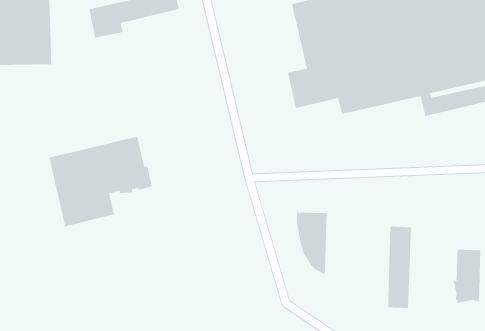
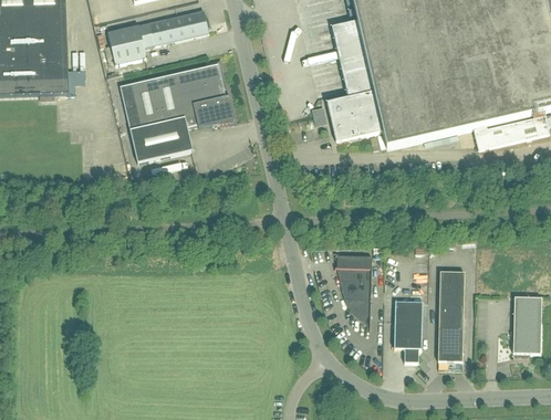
building: [48,136,153,227] -> [118,62,233,161]
building: none -> [393,300,422,361]

